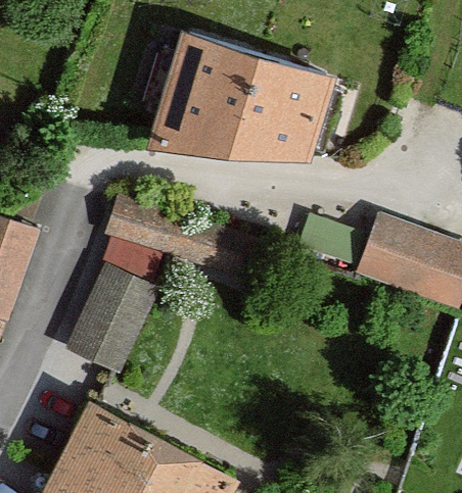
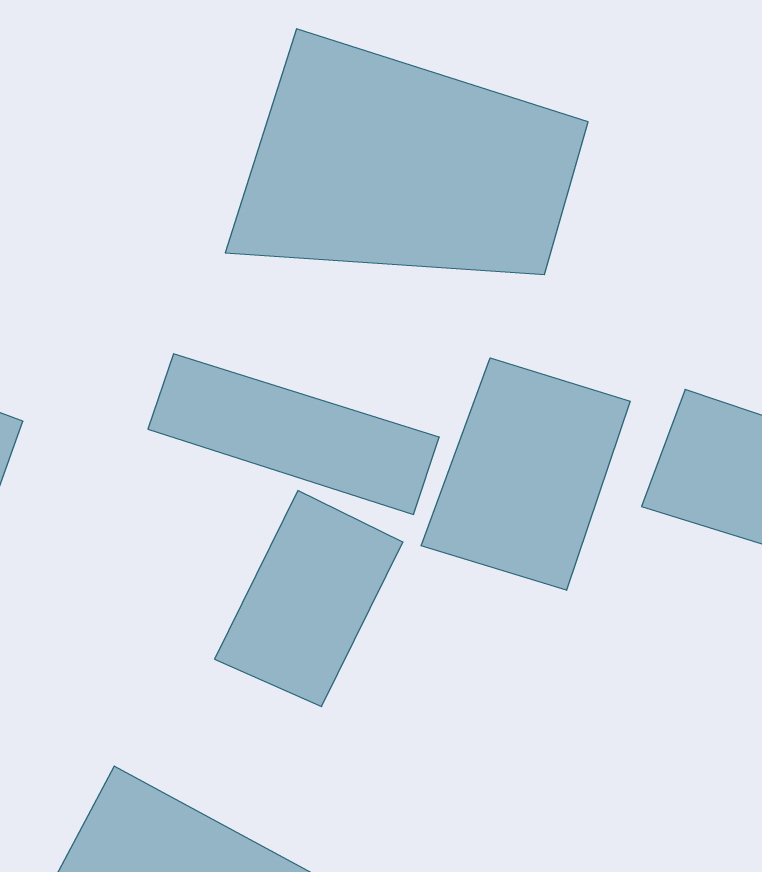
building: none -> [421,358,630,590]
building: [63,263,160,375] -> [215,491,403,707]

